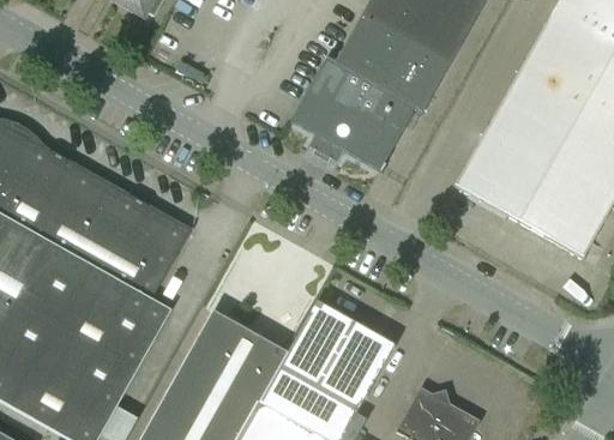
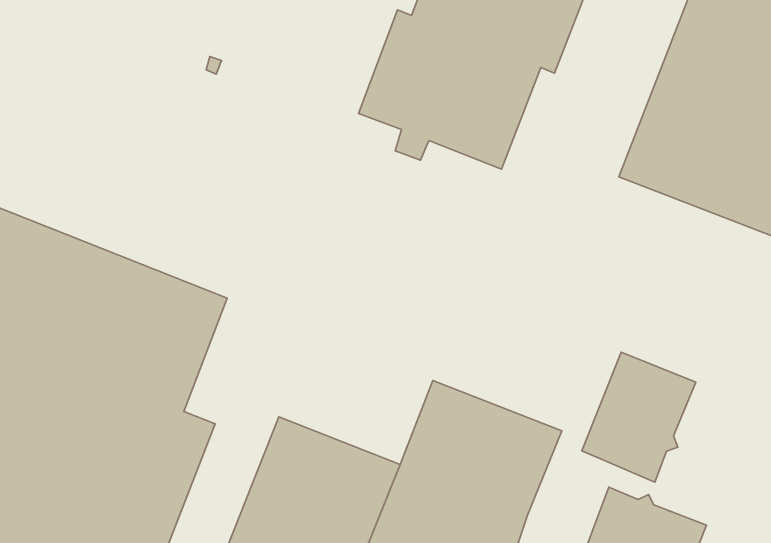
building: none -> [582,352,696,482]

